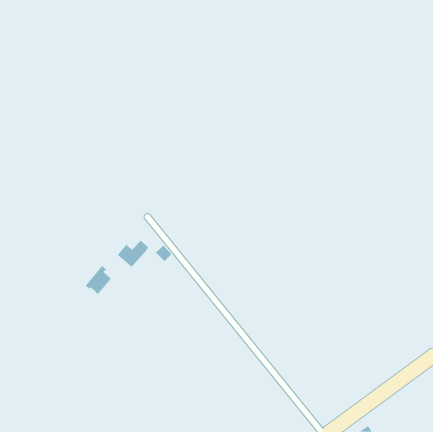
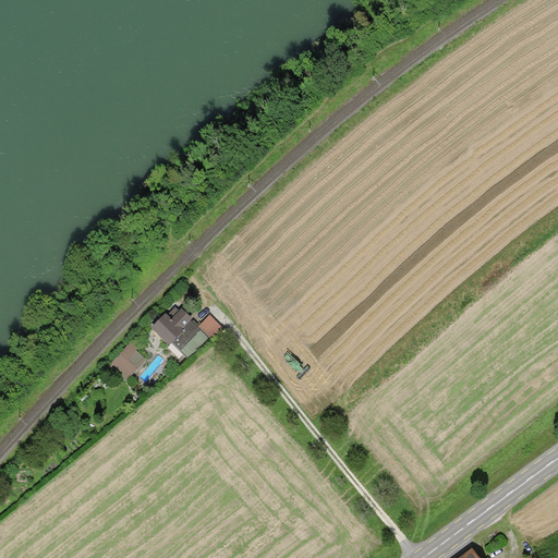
building: none -> [172,322,206,355]

